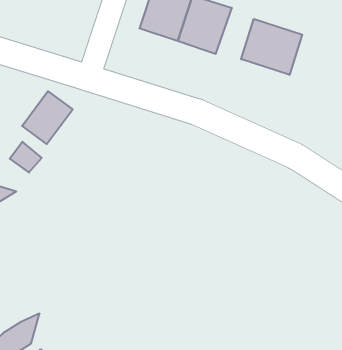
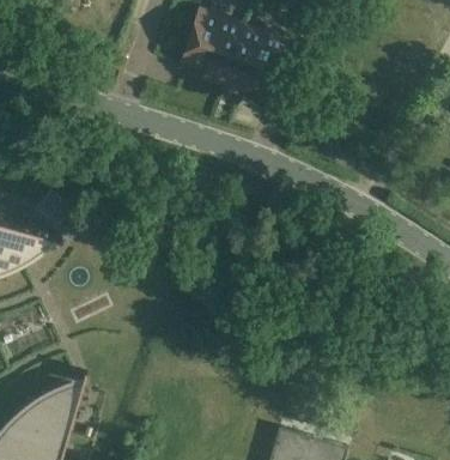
building: [241,19,302,75] -> none
building: [22,91,73,144] -> none

